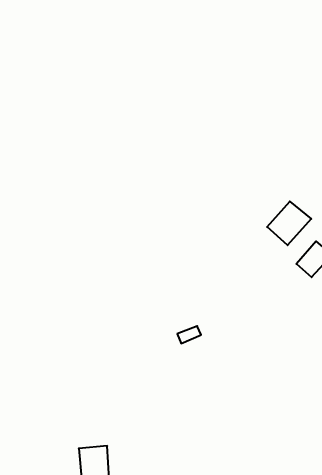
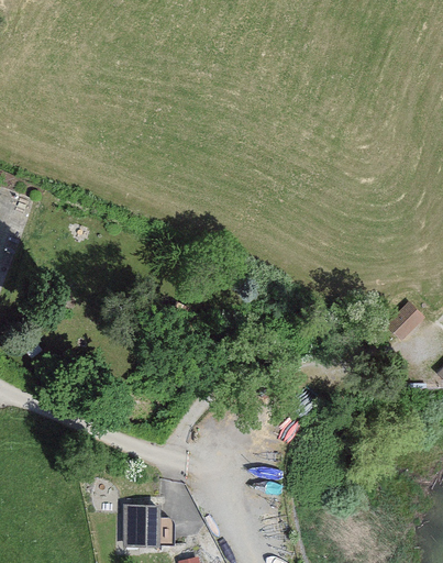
building: [267,201,311,245] -> none

